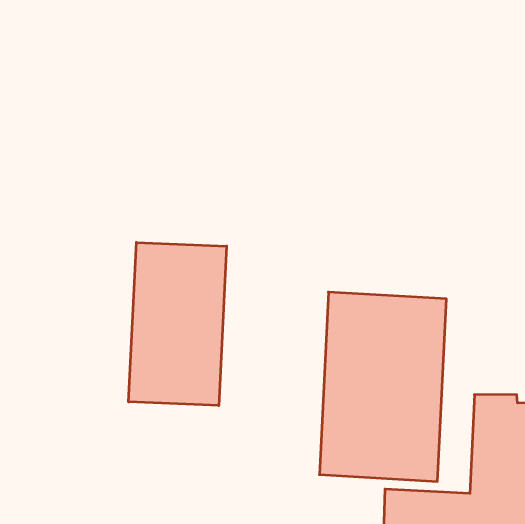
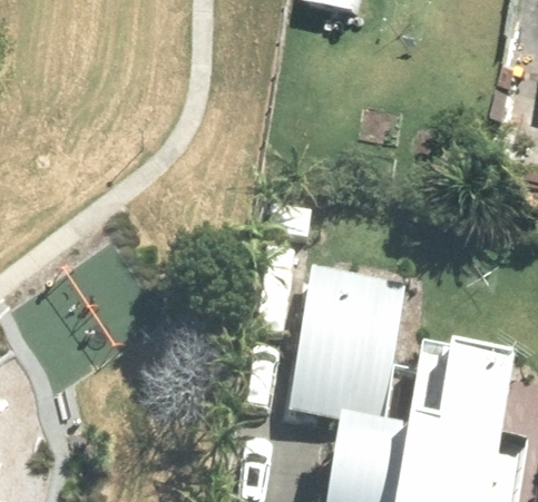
building: [129,242,227,406] -> none

